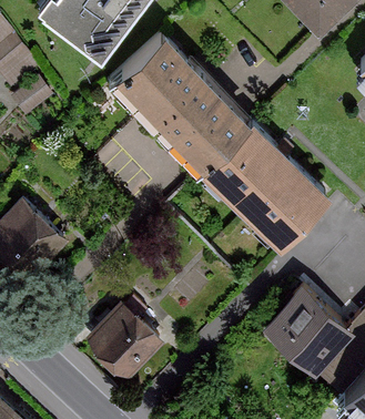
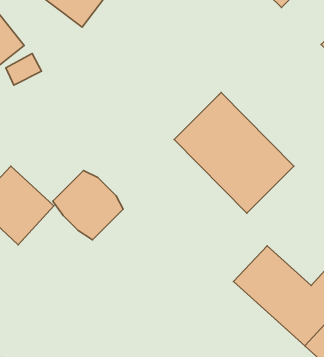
building: [109,37,249,176] -> none
building: [85,306,162,381] -> [53,170,123,240]

